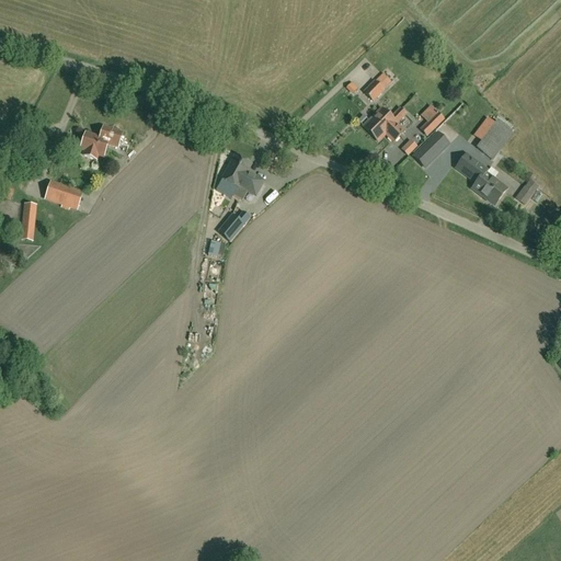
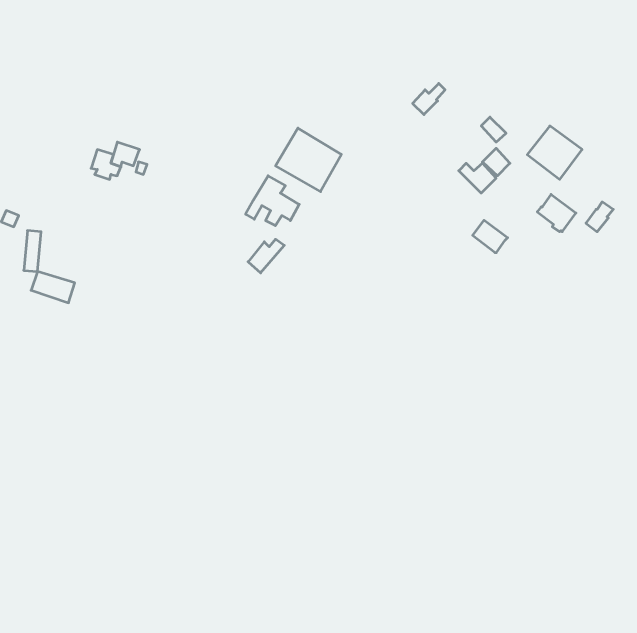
building: [363,106,405,140] -> none
building: none -> [276,128,341,192]
building: [456,153,486,182] -> [473,220,508,253]
building: [45,181,83,208] -> [31,272,75,303]

